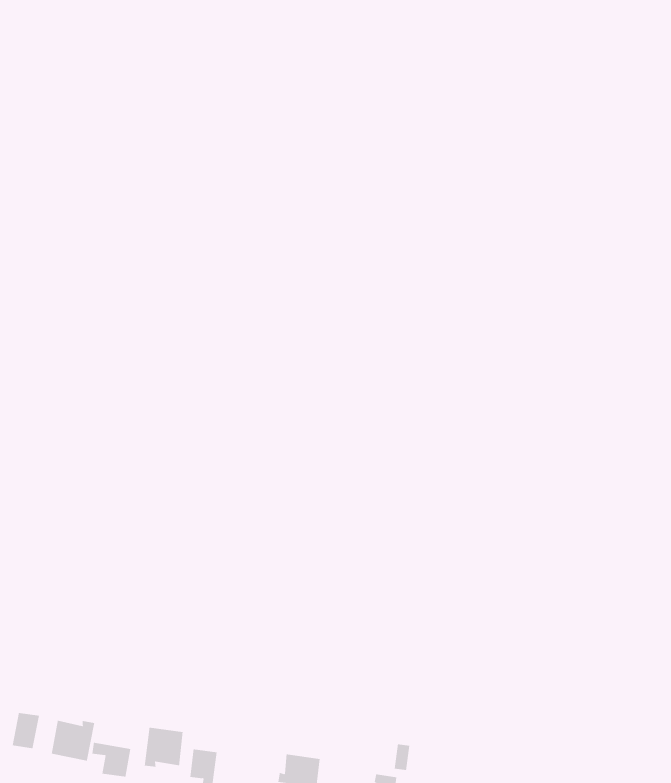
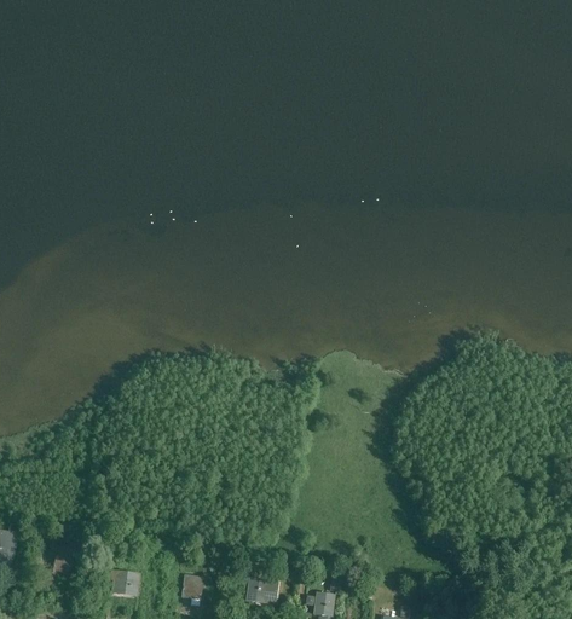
building: [51,720,95,761] -> none
building: [144,727,183,767] -> none

